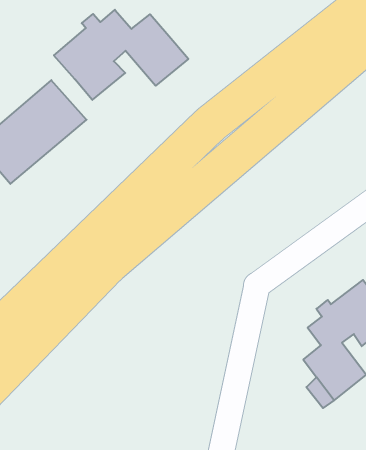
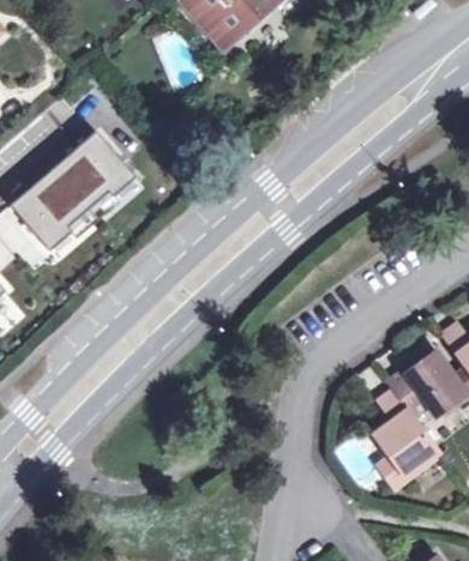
building: [54,10,188,100] -> none

